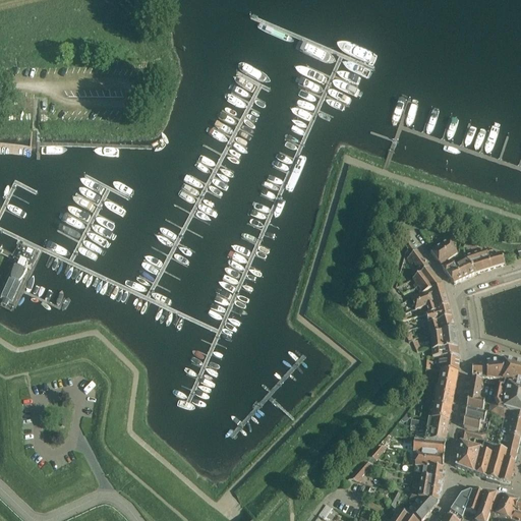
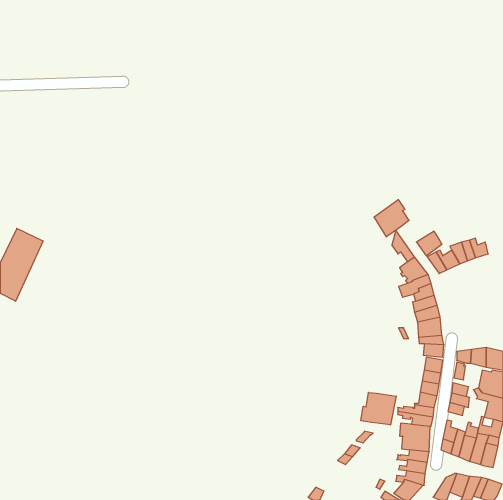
building: none -> [374,200,409,237]
building: none -> [361,392,396,425]

